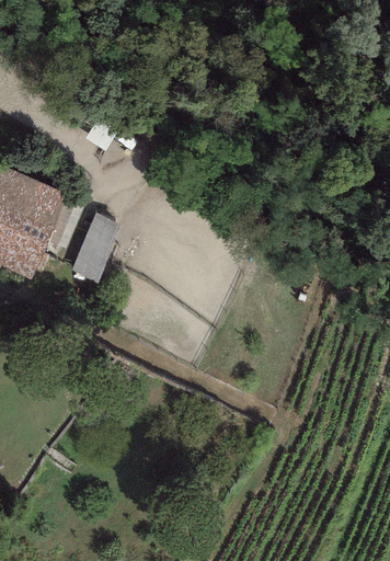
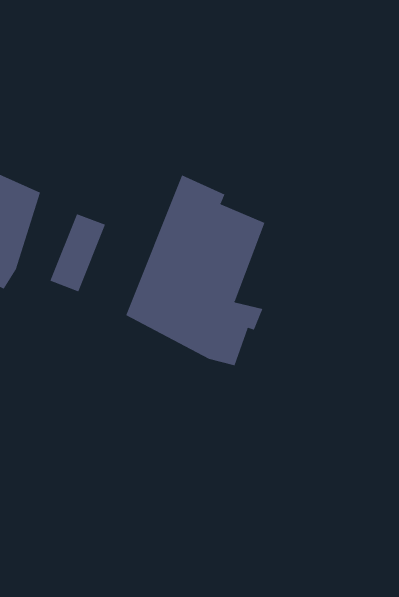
building: none -> [126,174,265,366]

